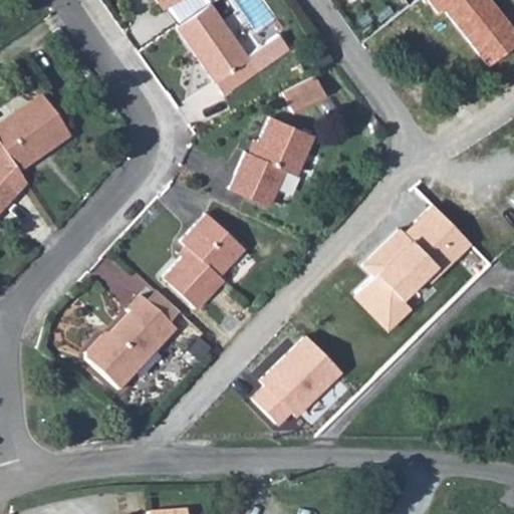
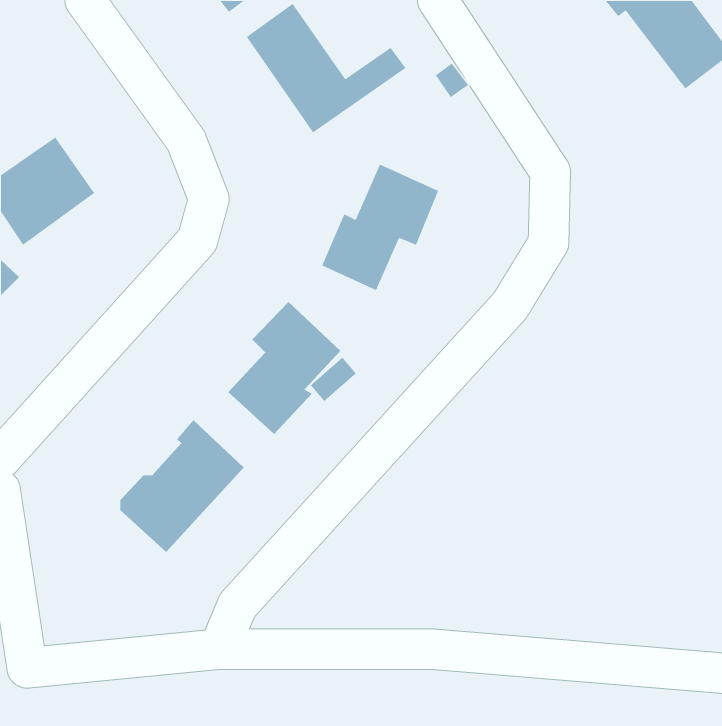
building: [282,72,327,112] -> none
building: [358,199,477,328] -> none
building: [254,327,350,420] -> none

